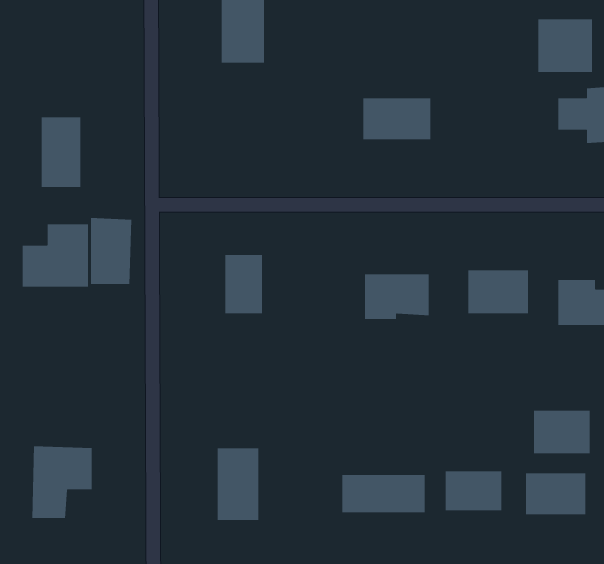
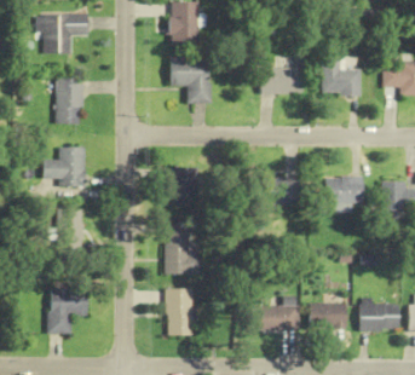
building: none -> [36,15,87,54]
building: [537,19,593,72] -> [322,60,357,94]
building: none -> [169,57,209,104]
building: [90,217,132,284] -> [57,209,83,252]
building: none -> [167,229,200,275]
building: [534,410,590,454] -> none

